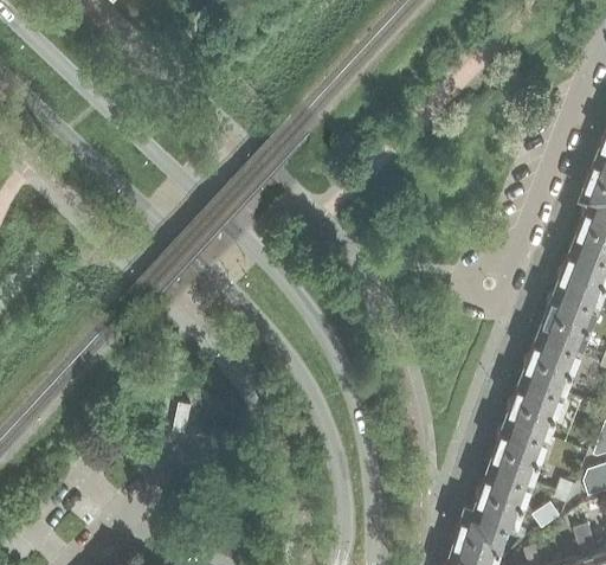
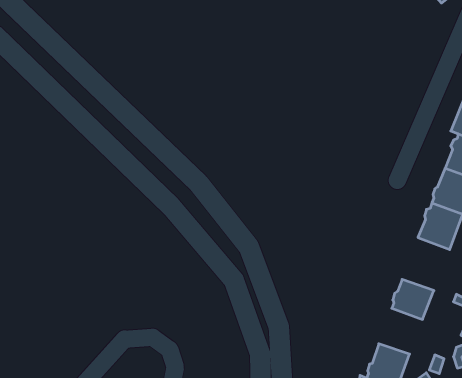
building: [521,330,581,398] -> none
building: [491,420,547,479] -> none

